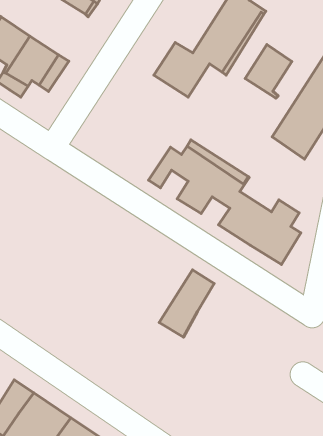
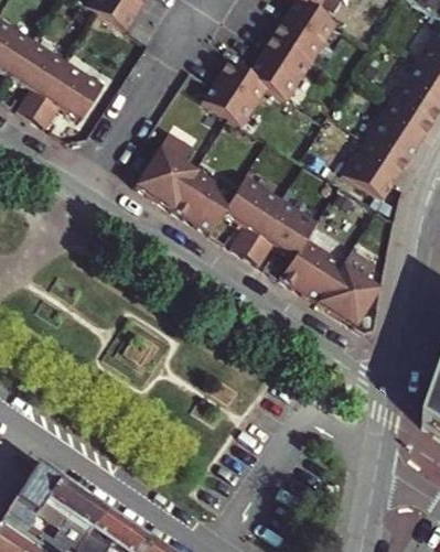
building: [245,44,292,98] -> none
building: none -> [136,133,223,226]
building: [159,270,214,337] -> none

